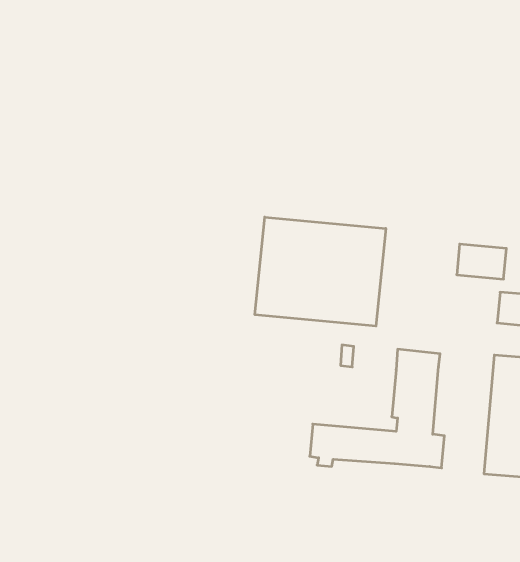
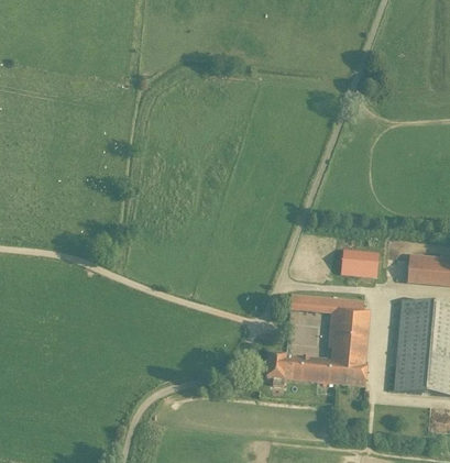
building: [255,217,386,326] -> none
building: [457,244,506,279] -> [341,251,378,277]

